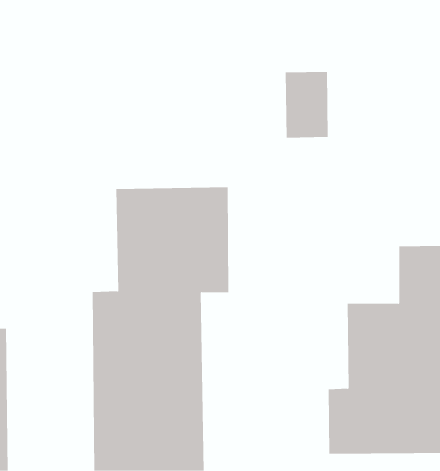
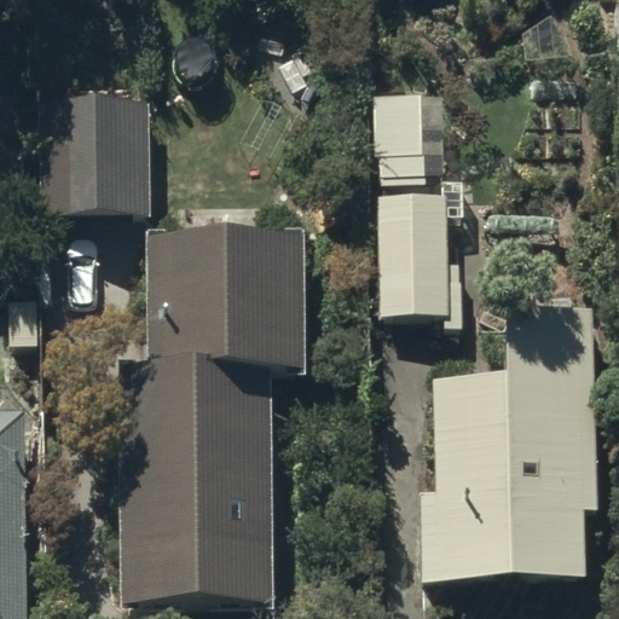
building: none -> [45,106,149,209]
building: none -> [372,191,450,312]

